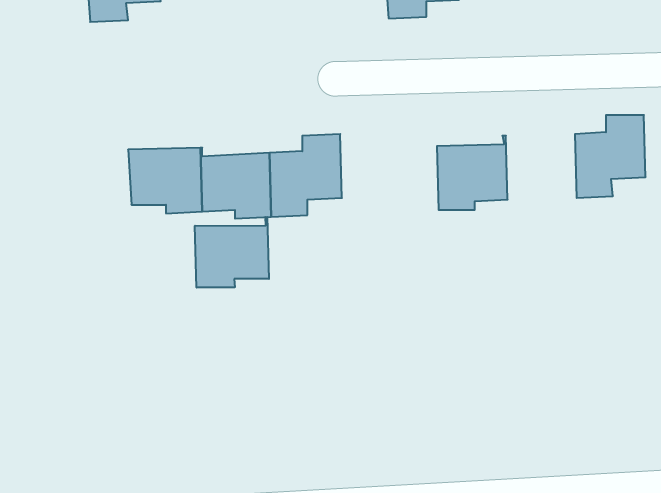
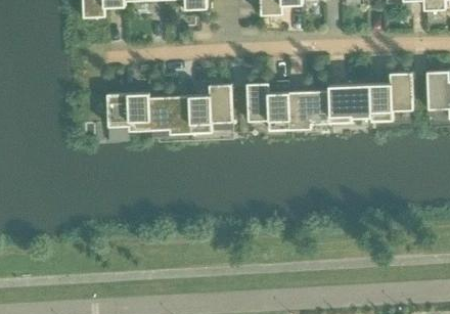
building: none -> [246,83,290,130]
building: none -> [330,84,372,123]
building: [195,217,269,288] -> none

